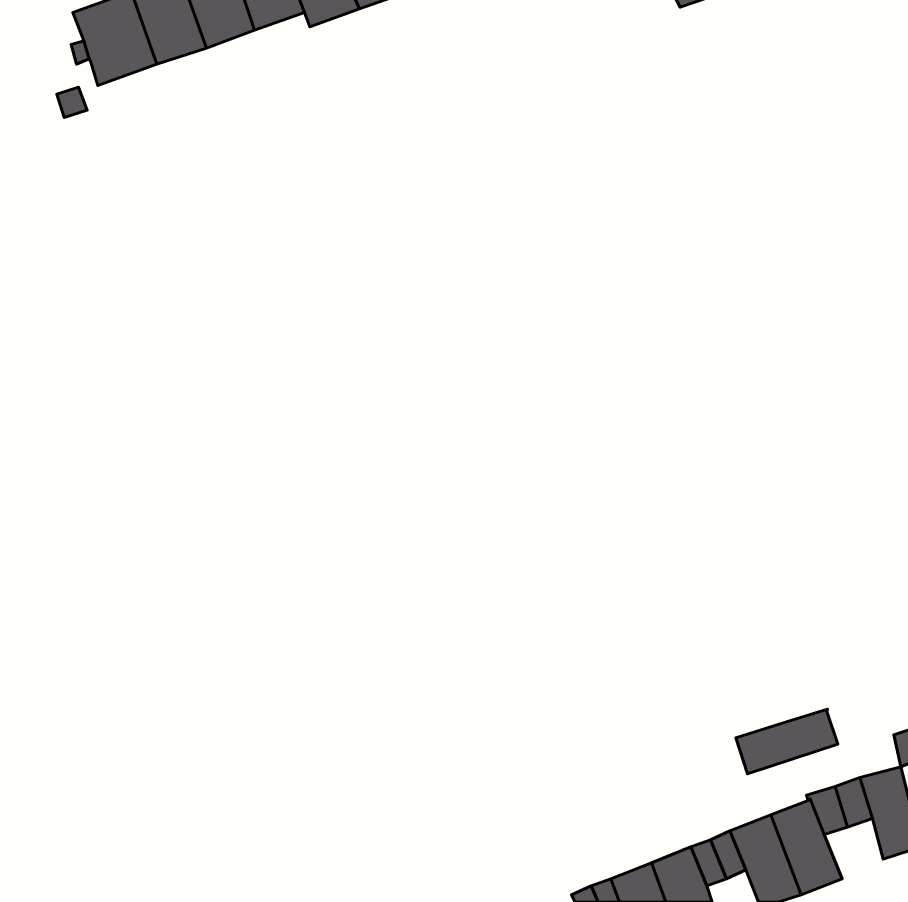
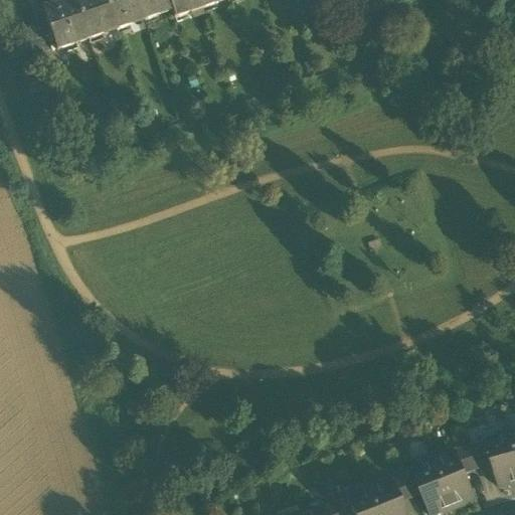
building: [736,709,838,774] -> none

